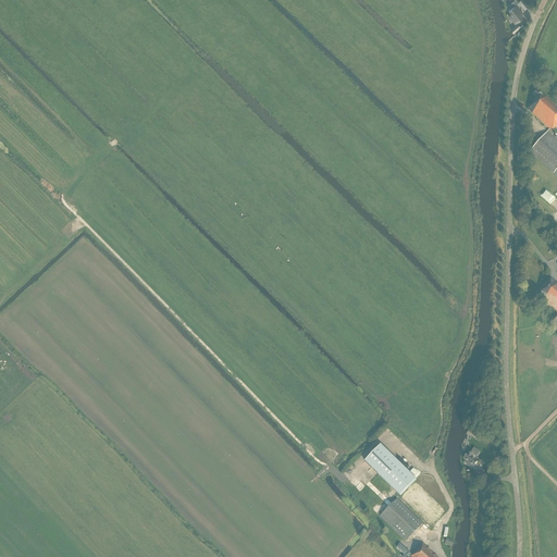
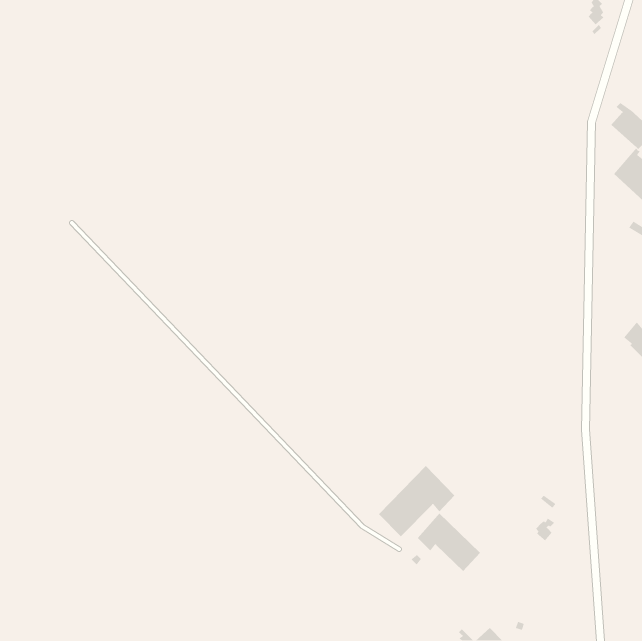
building: none -> [378,465,455,537]
building: [381,497,423,540] -> none

